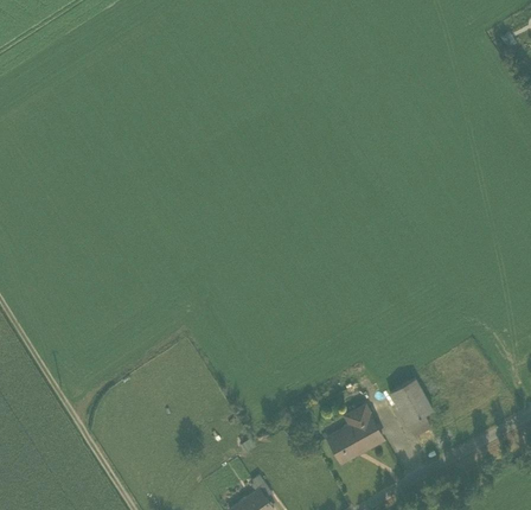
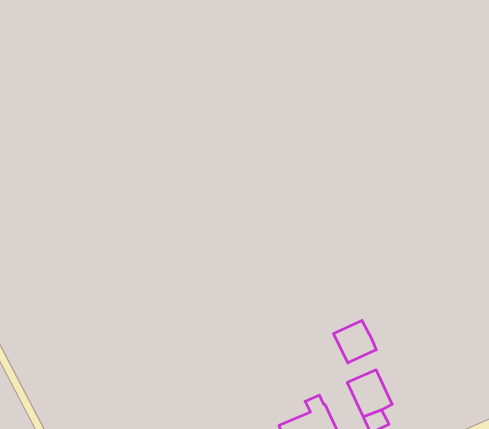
building: none -> [334,320,376,363]

